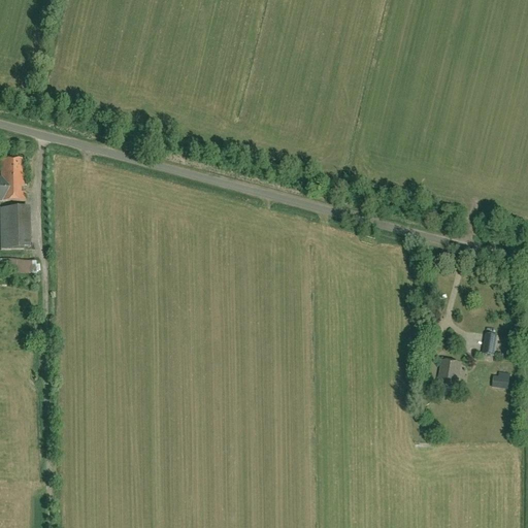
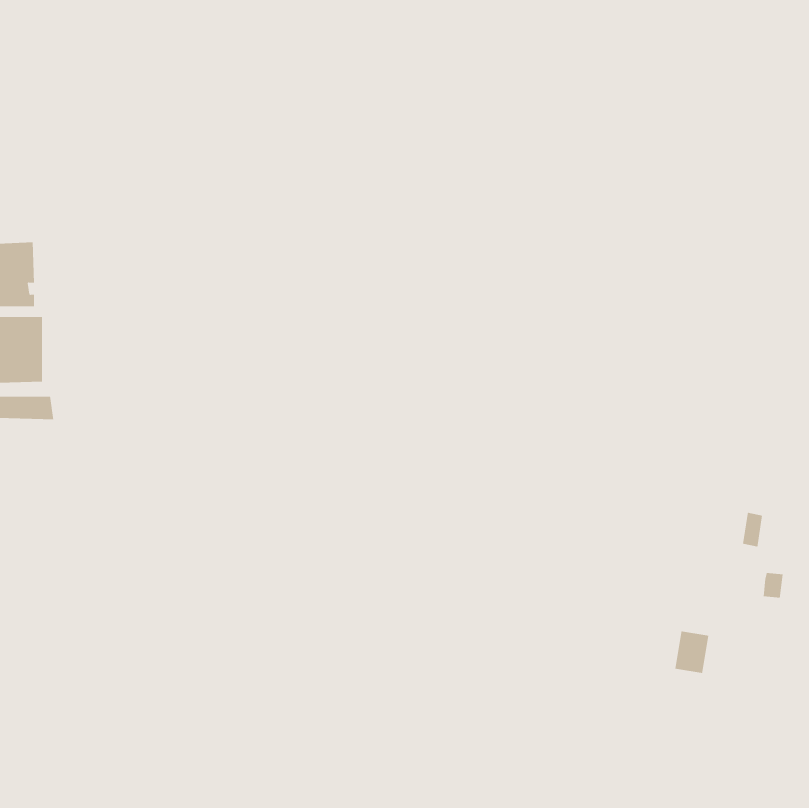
building: [436,359,459,387] -> [674,631,709,674]

